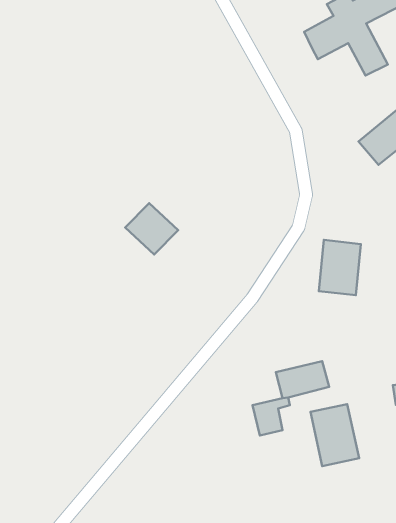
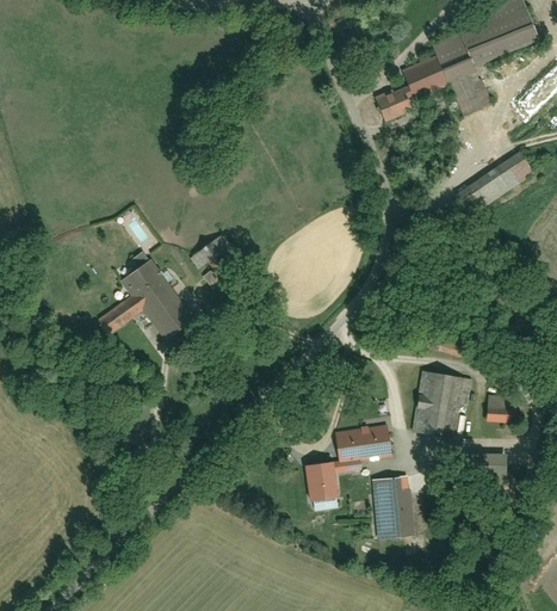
building: none -> [377,85,415,118]
building: none -> [99,251,194,340]
building: [319,240,361,295] -> [410,375,460,438]

